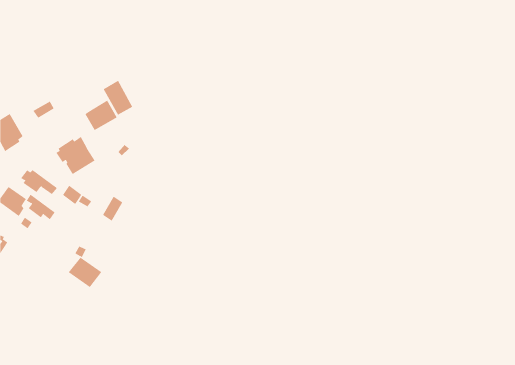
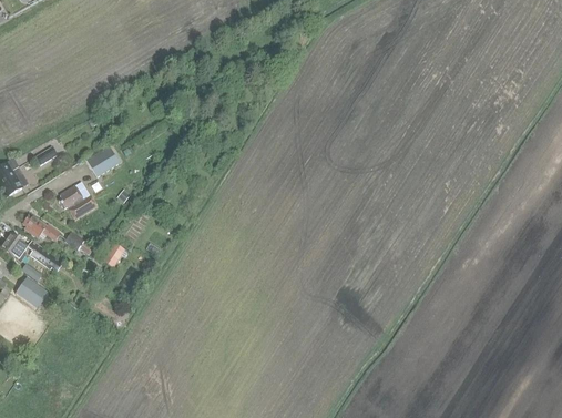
building: [103,80,133,115] -> none
building: [68,257,102,288] -> [14,276,49,307]

